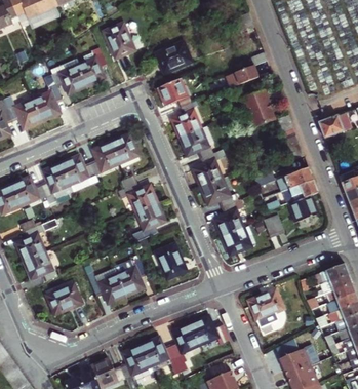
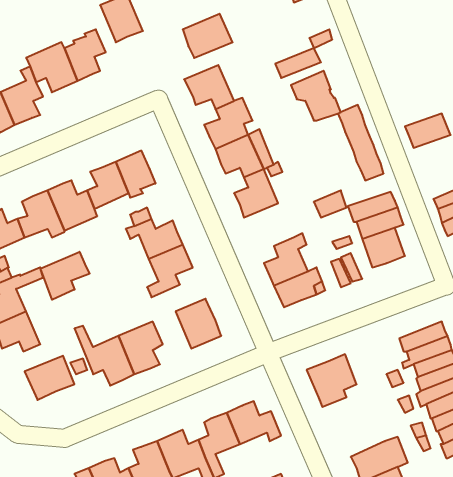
building: [203,176,239,206] -> none
building: none -> [41,252,90,300]

